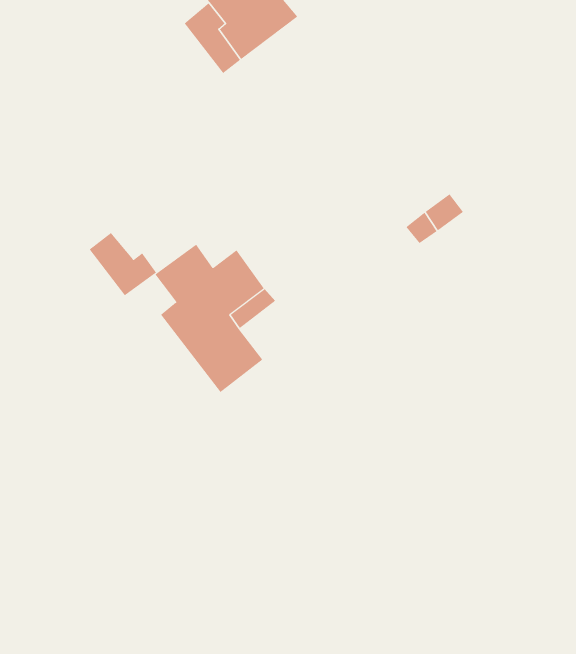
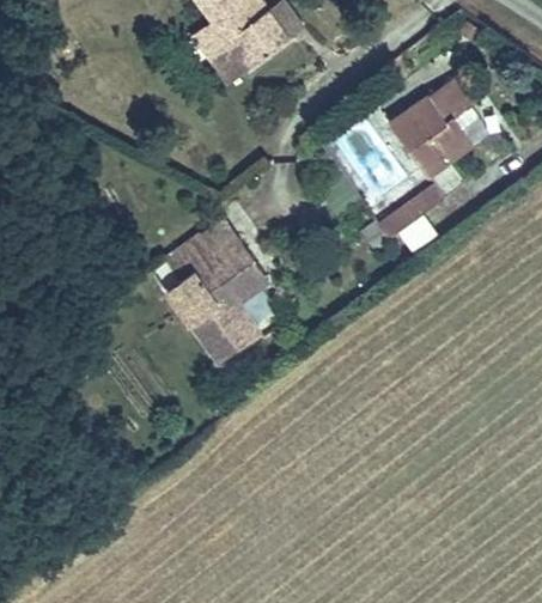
building: none -> [397,96,483,178]
building: [89,232,157,296] -> none

